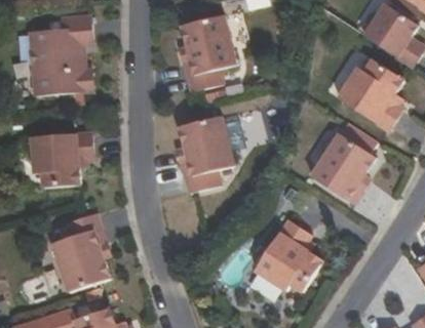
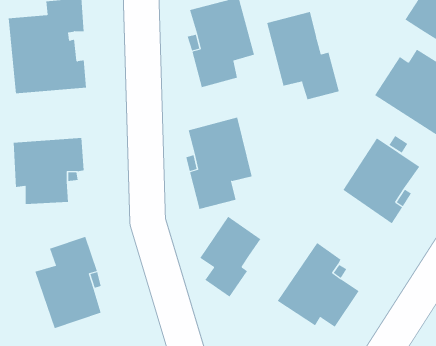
building: none -> [266,11,339,100]
building: none -> [200,216,261,298]

